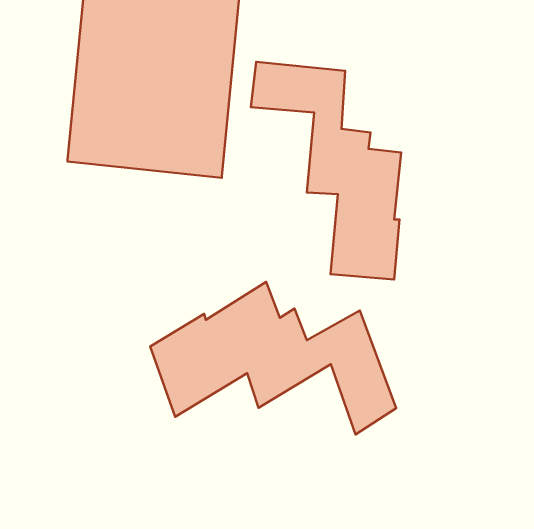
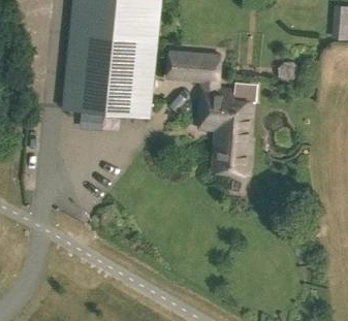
building: [150,282,396,434] -> none

